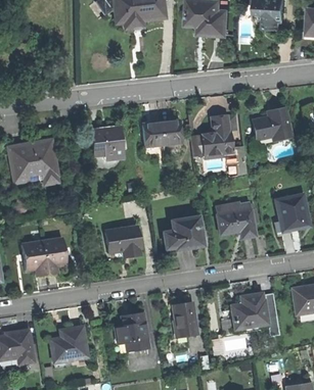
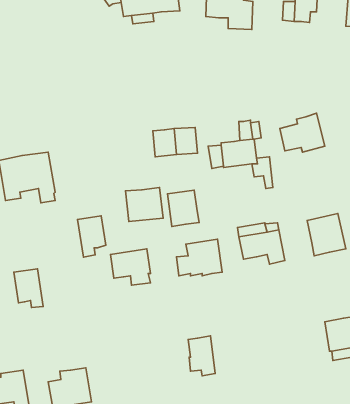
building: [89,126,122,155] -> [125,187,163,222]
building: none -> [167,190,199,226]
building: [41,239,65,275] -> [78,216,106,257]
building: [230,293,266,329] -> none
building: [114,310,147,351] -> none

